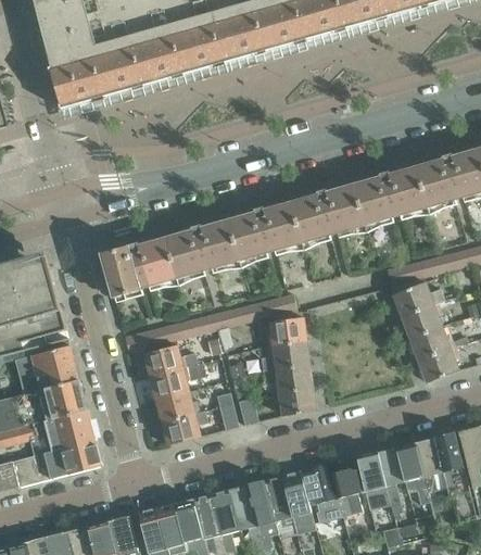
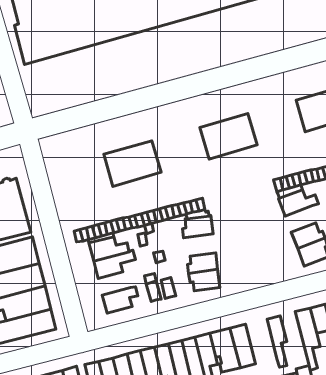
building: [352,165,427,224] -> none
building: [226,201,301,260] -> none
building: [100,236,175,297] -> none
building: [401,303,441,338] -> none
building: [261,340,309,371] -> none
building: [155,390,198,420] -> none
building: [394,442,429,503] -> none
building: [356,452,390,509] -> none

